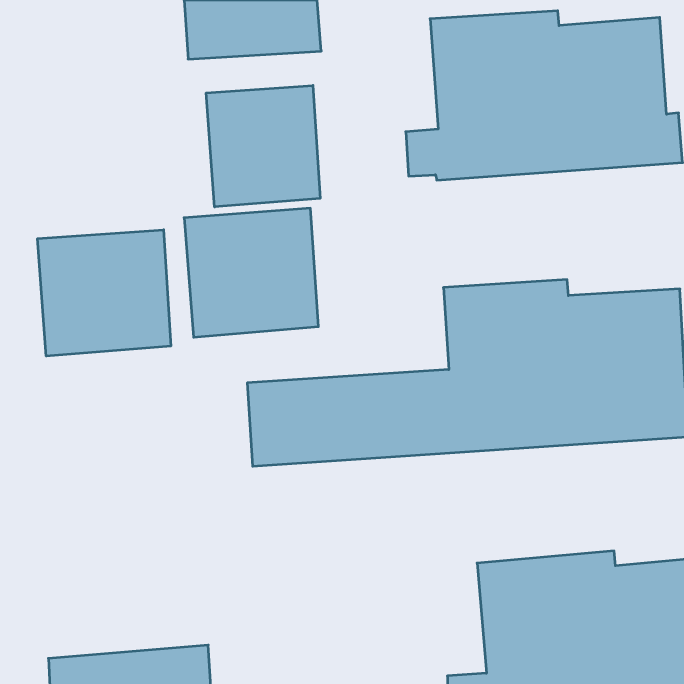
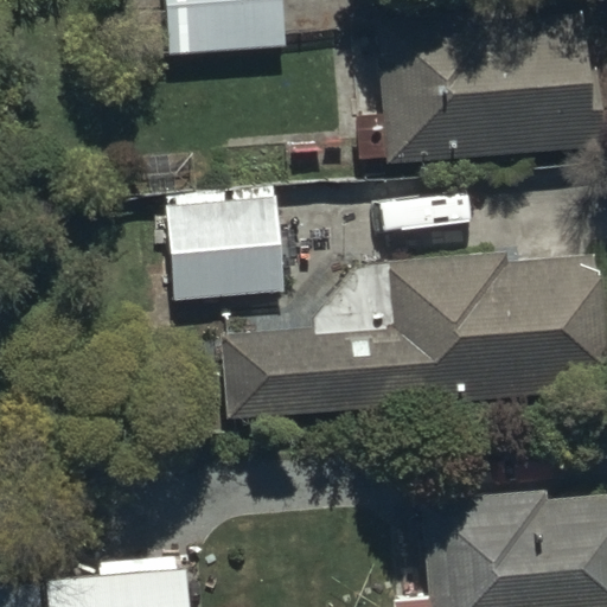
building: [206,85,320,207] -> none
building: [38,230,171,356] -> none

